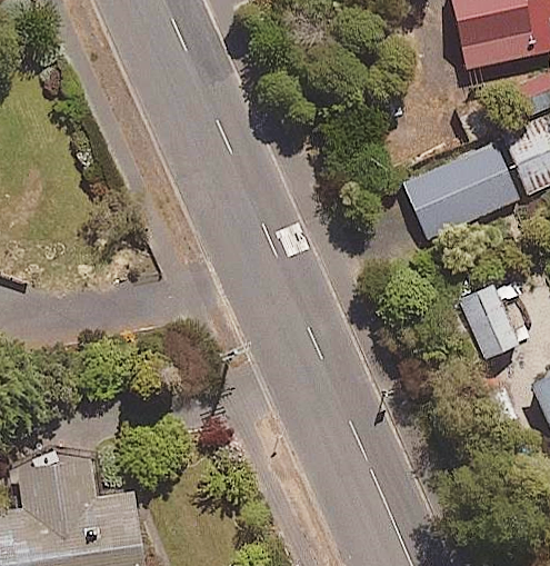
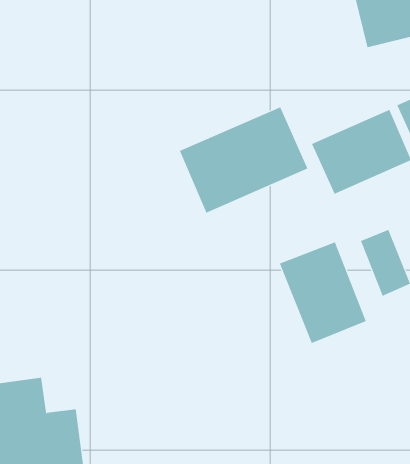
building: none -> [179,106,308,214]
building: none -> [279,241,367,344]

